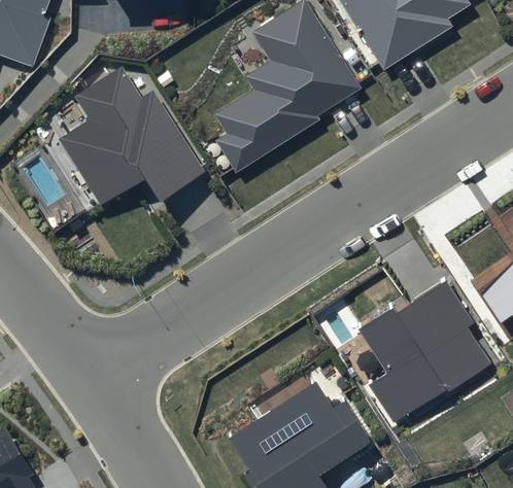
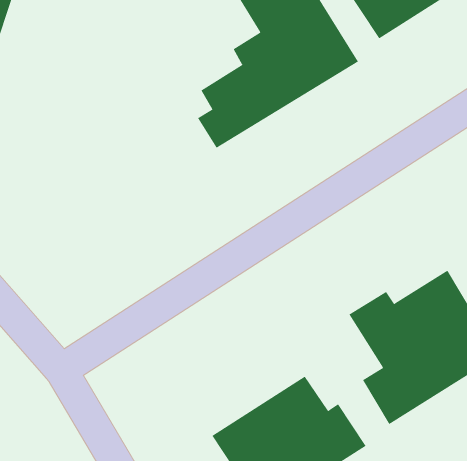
building: [59,64,204,204] -> none

